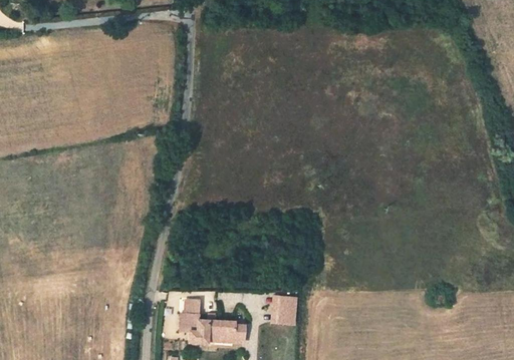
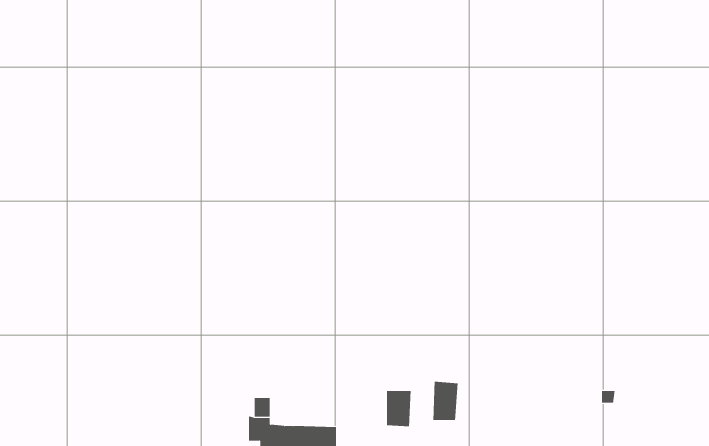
building: none -> [433,381,458,421]

